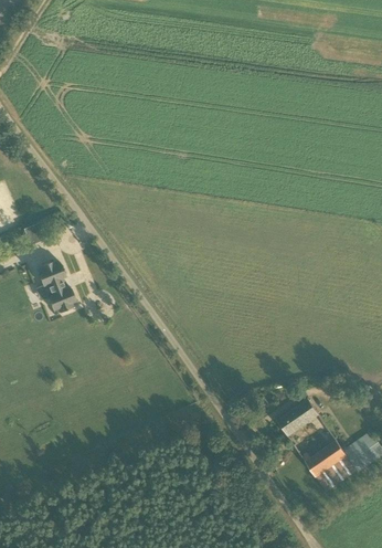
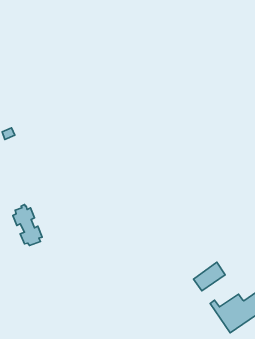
building: [36,257,75,312] -> [13,204,42,246]

